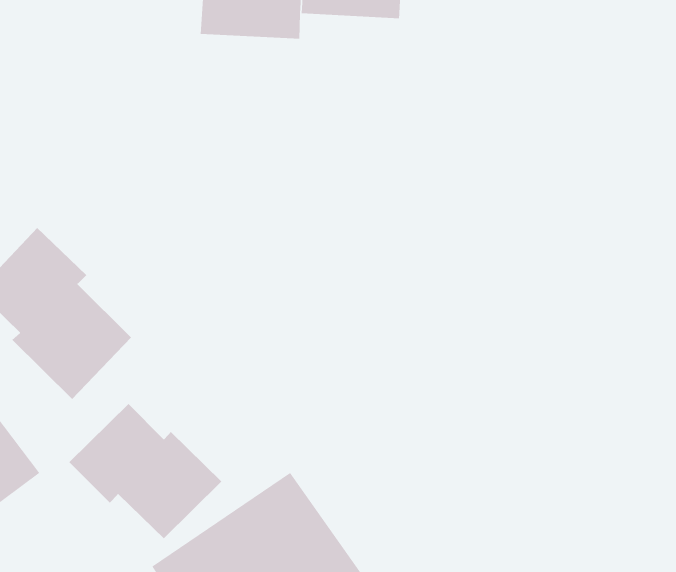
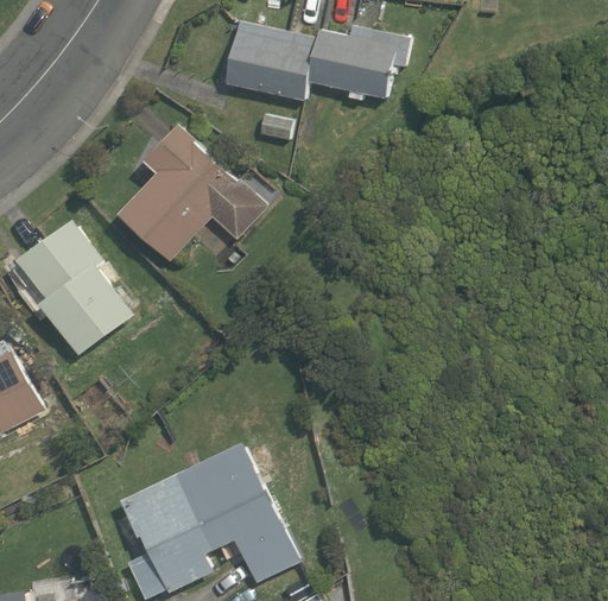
building: none -> [116,121,267,261]
building: [69,403,222,539] -> none

